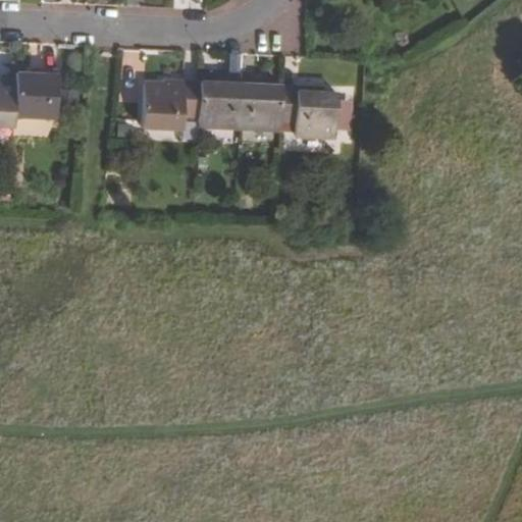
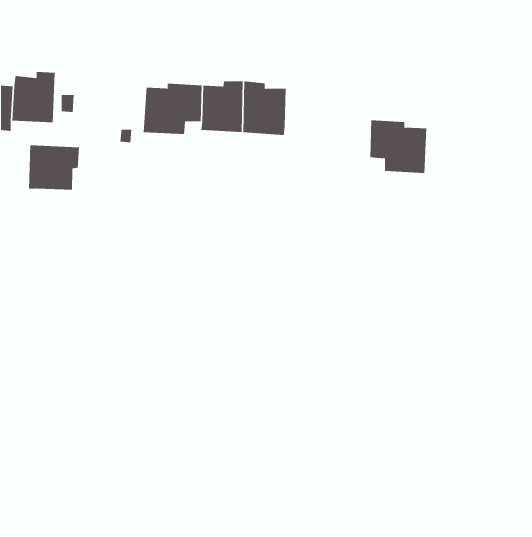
building: [281,86,337,138] -> [369,120,427,173]
building: none -> [29,144,79,191]

